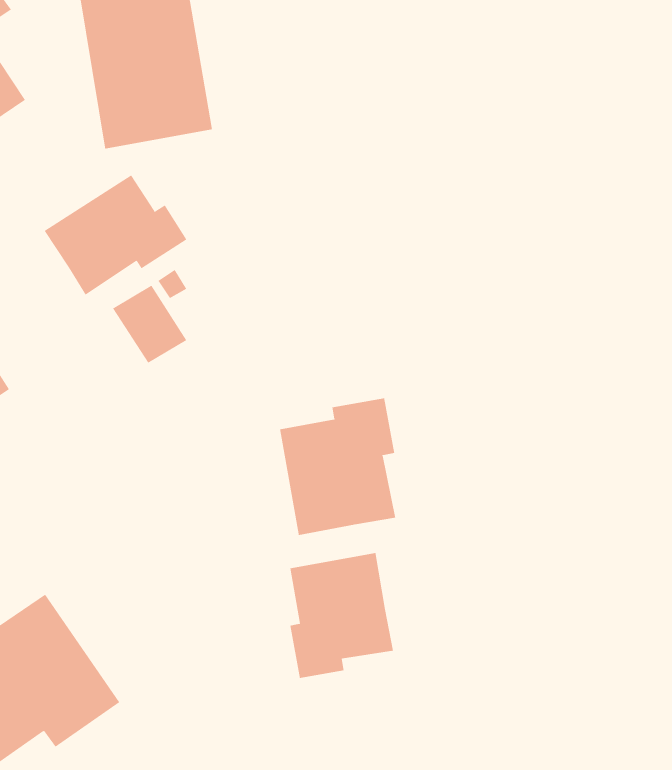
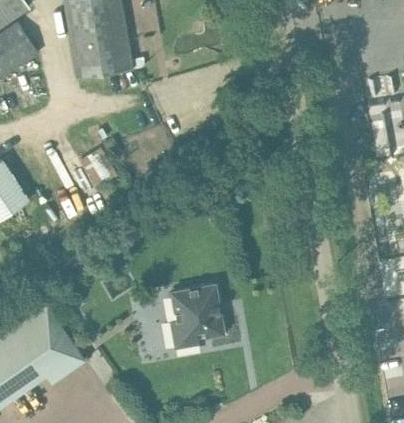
building: [44,175,187,296] -> none
building: [279,398,396,536] -> none

